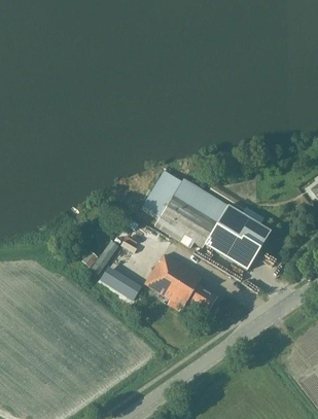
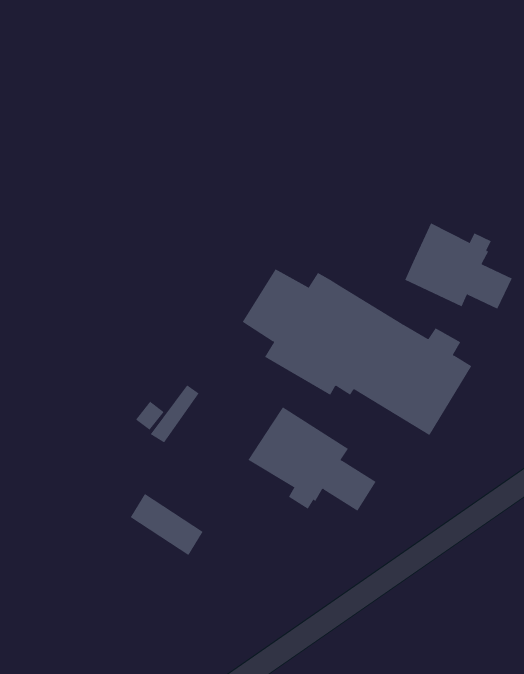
building: none -> [404,222,512,309]
building: [100,264,141,299] -> [130,493,204,556]

